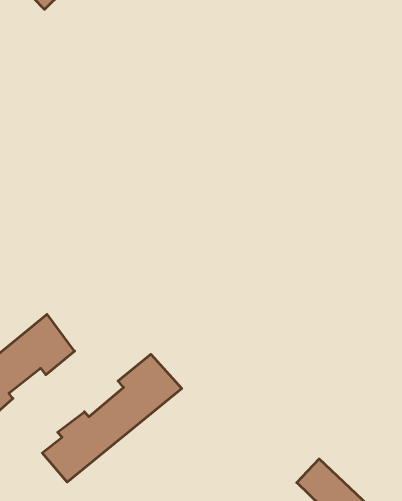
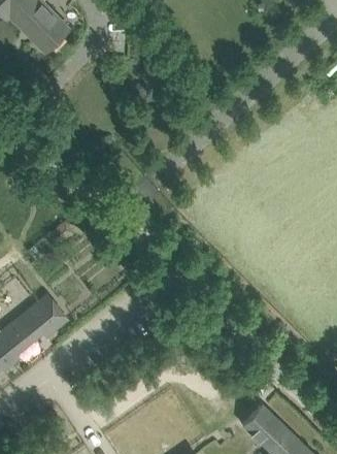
building: [42,354,182,482] -> none

